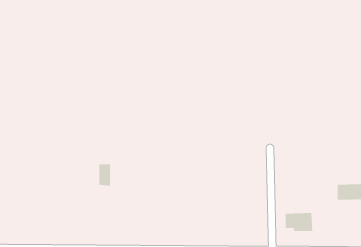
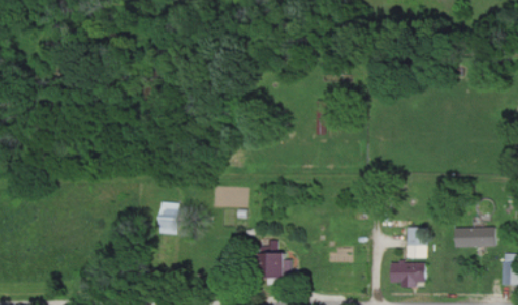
building: none -> [406,228,426,258]
building: none -> [268,253,288,279]

